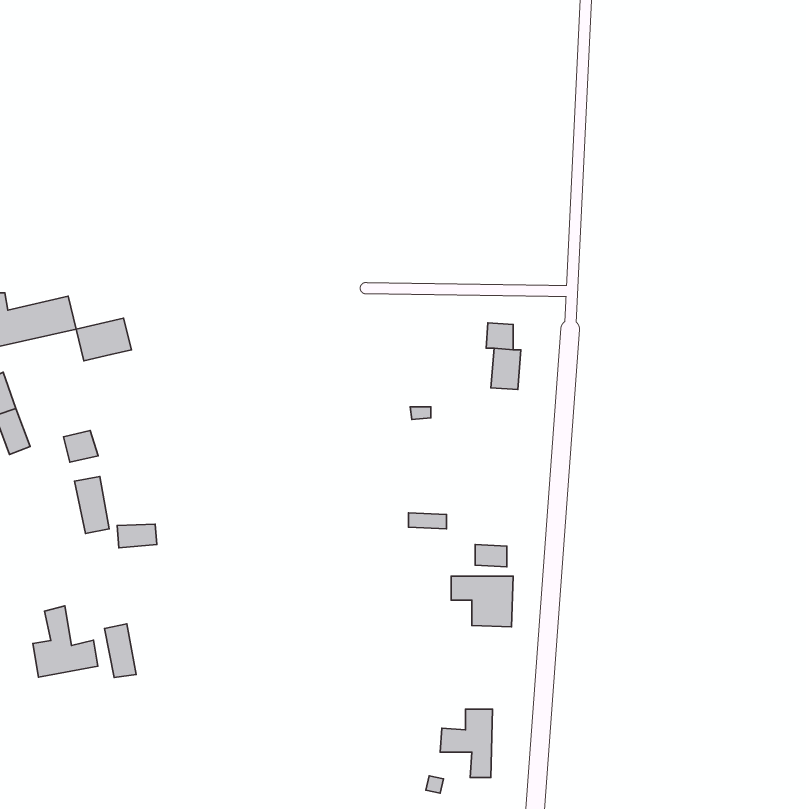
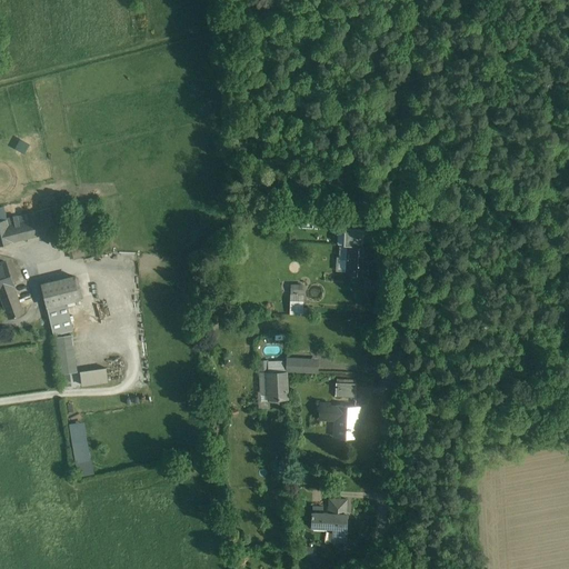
building: [76,318,131,361] -> [39,277,78,307]
building: none -> [266,373,286,405]
building: [33,606,98,677] -> none

